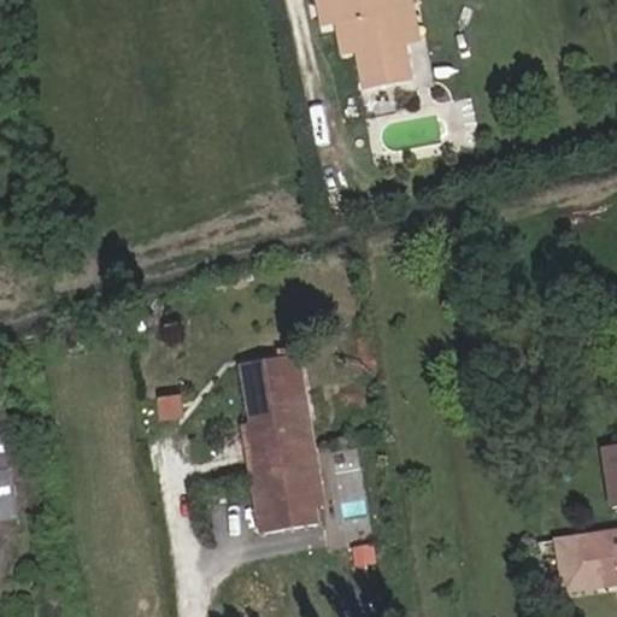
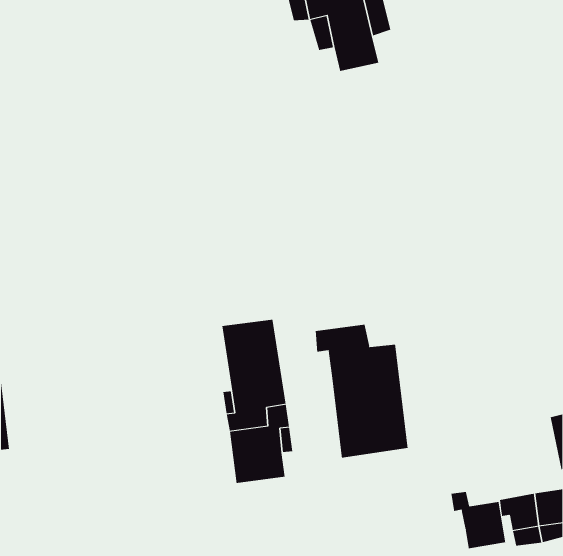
building: none -> [315,324,408,458]
building: none -> [451,491,506,549]

